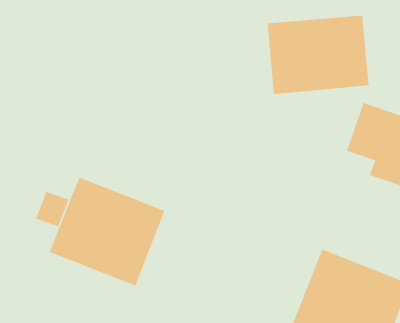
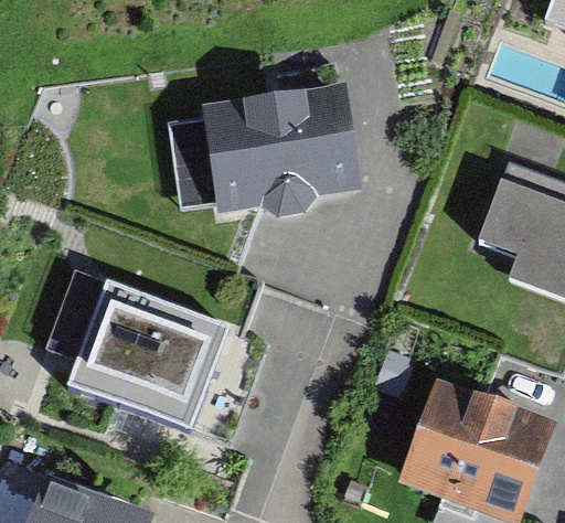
building: [267,15,369,95] -> none
building: none -> [205,89,362,204]

